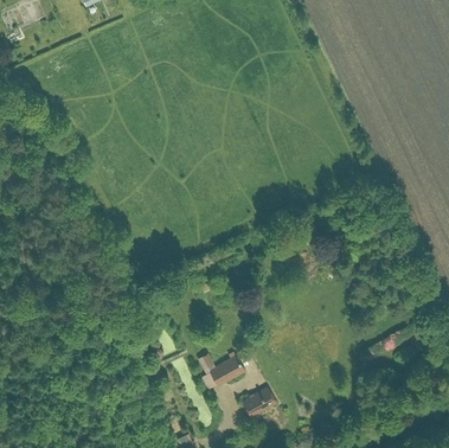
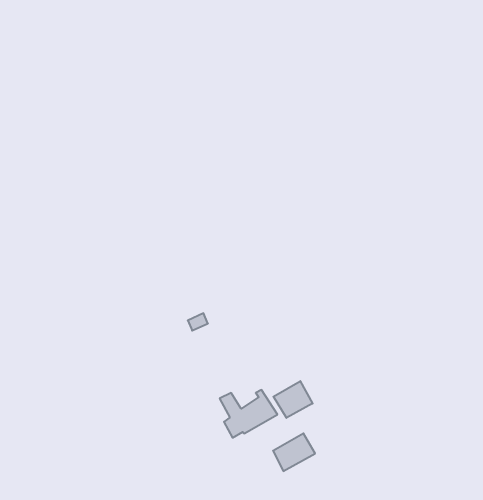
building: none -> [273,381,313,418]

